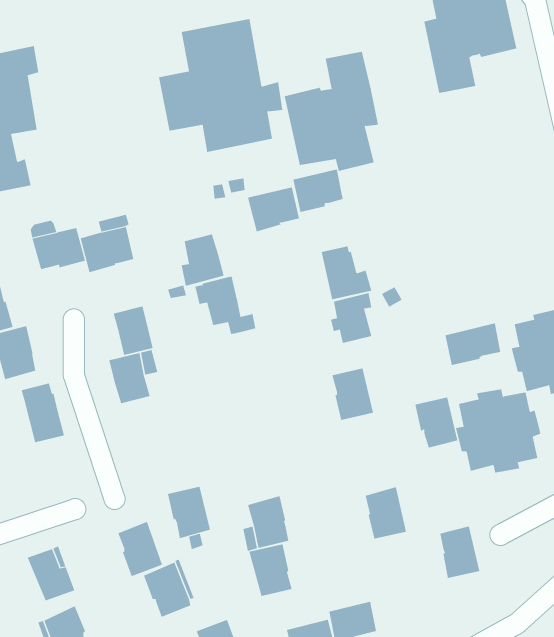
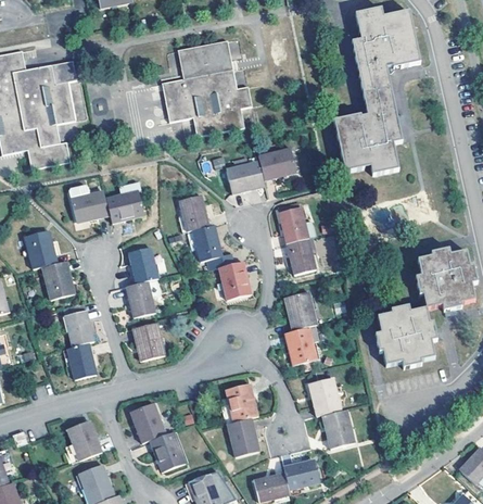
building: [284,51,379,172] -> [334,88,403,175]
building: [445,323,501,366] -> none
building: none -> [219,261,250,300]
building: [415,397,458,448] -> [285,327,317,364]
building: none -> [67,342,97,379]
building: [167,486,211,539] -> [134,323,165,361]
building: [439,526,480,579] -> [325,410,354,448]

